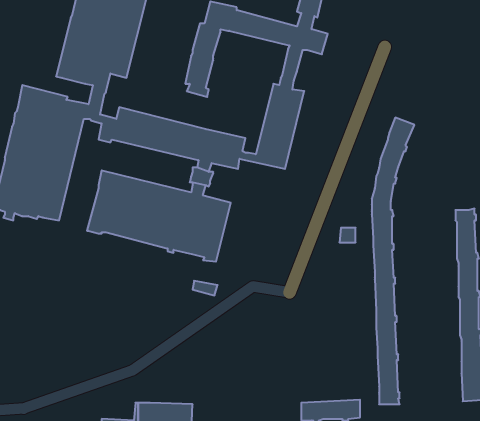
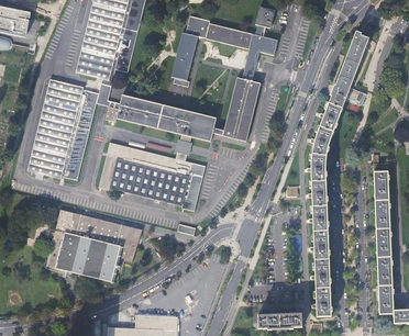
building: none -> [328,26,372,108]
building: none -> [44,209,142,282]

